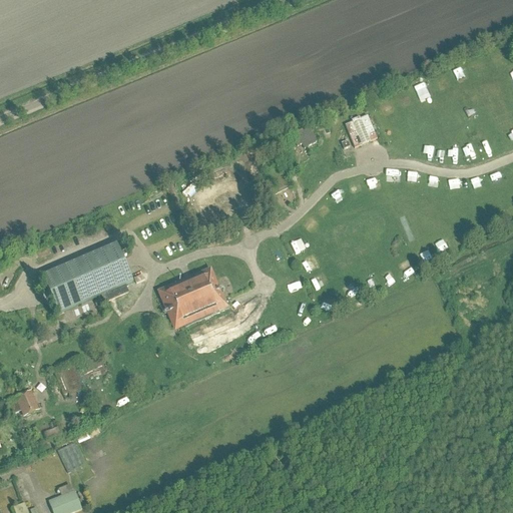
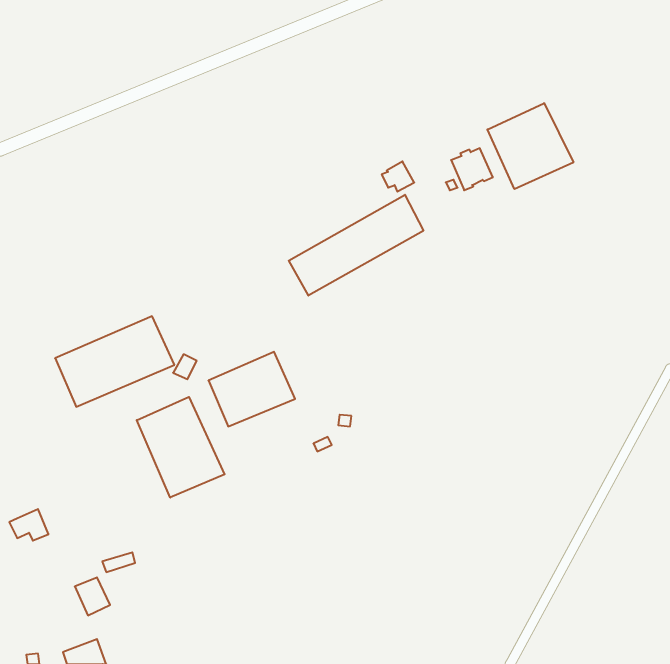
building: none -> [487,103,573,189]
building: none -> [289,195,423,296]
building: none -> [137,397,225,498]

